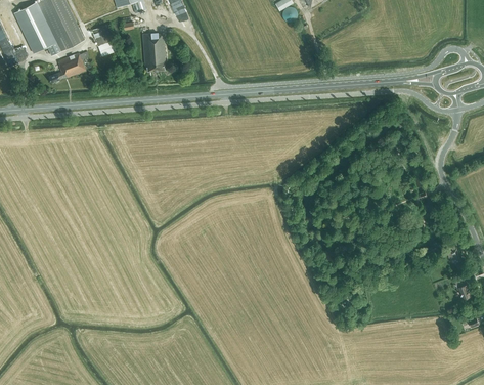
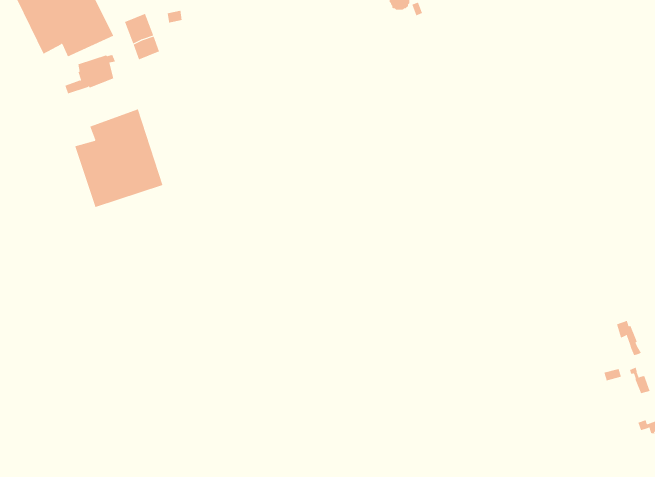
building: [142,29,166,72] -> none
building: none -> [75,108,163,208]

